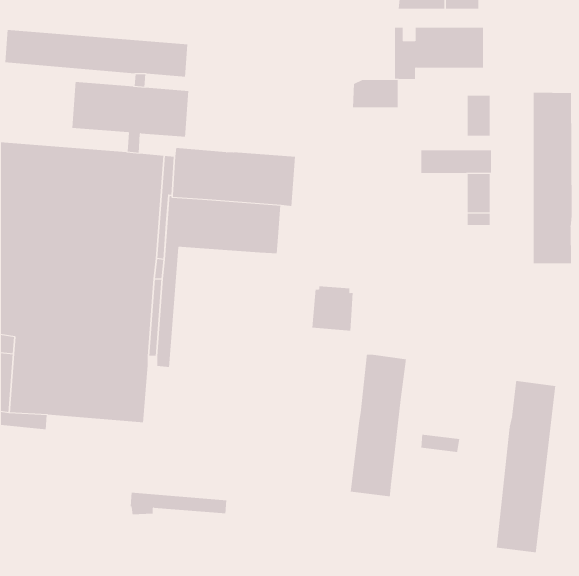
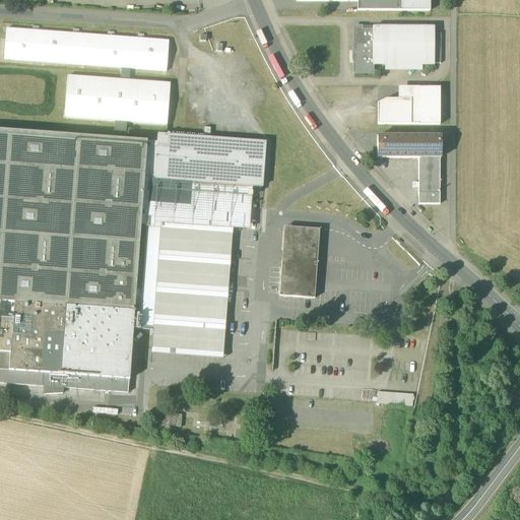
building: [352,79,398,108] -> [377,96,418,122]
building: [533,92,572,264] -> none
building: none -> [151,221,233,356]
building: none -> [282,224,320,262]
building: [350,354,406,497] -> none
building: [496,380,556,553] -> none
building: [130,492,227,515] -> [42,372,129,392]

